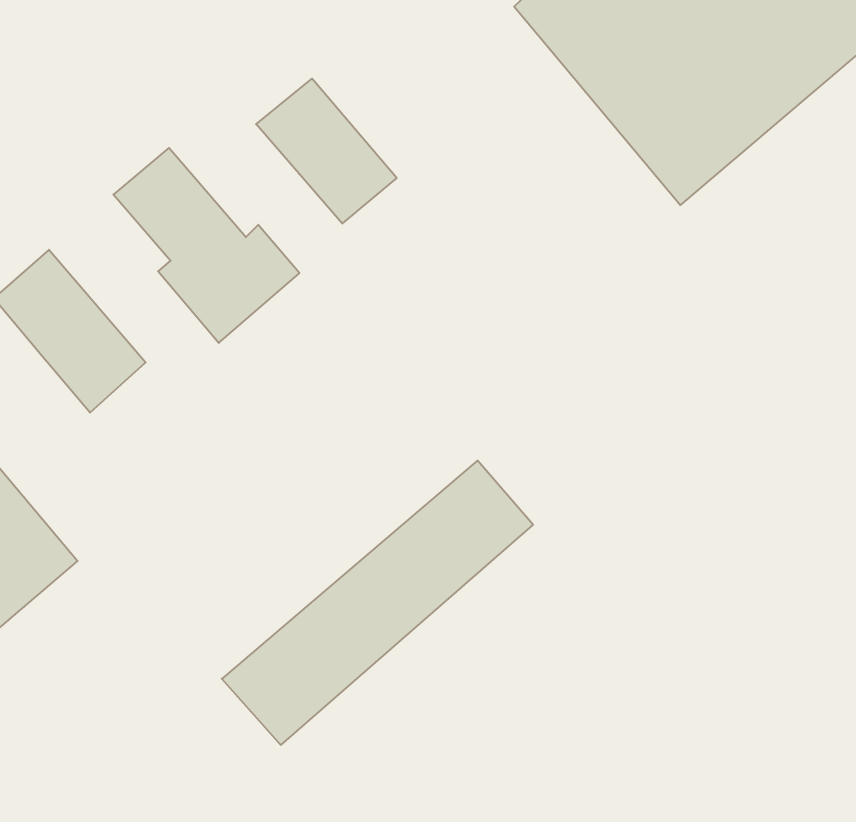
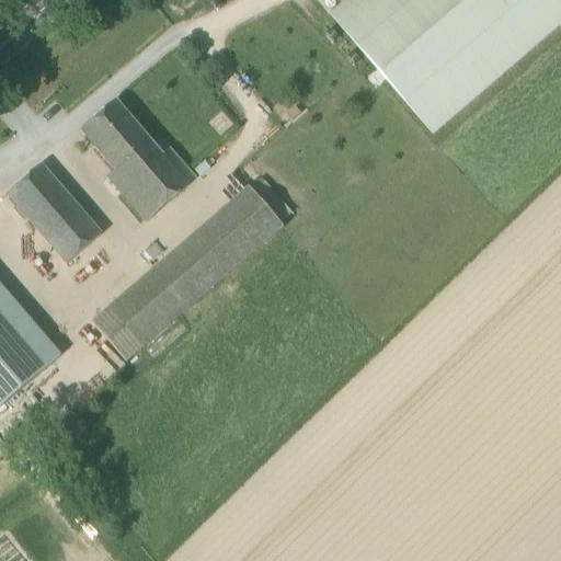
building: [256,79,397,224] -> none
building: [222,461,533,745] -> [91,185,282,359]

